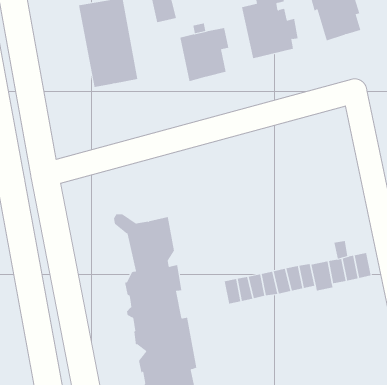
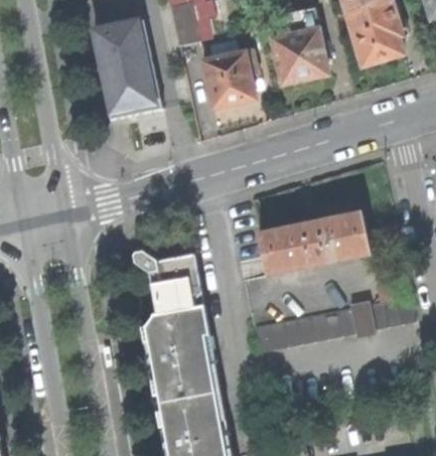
building: none -> [257,212,368,274]

